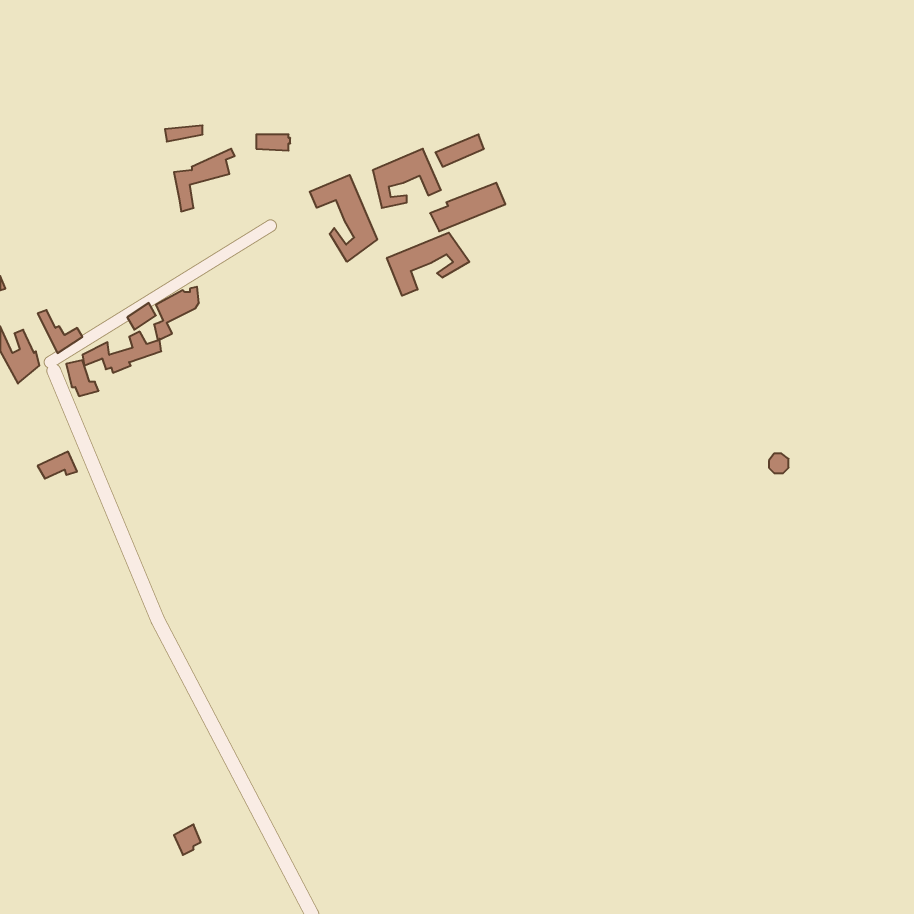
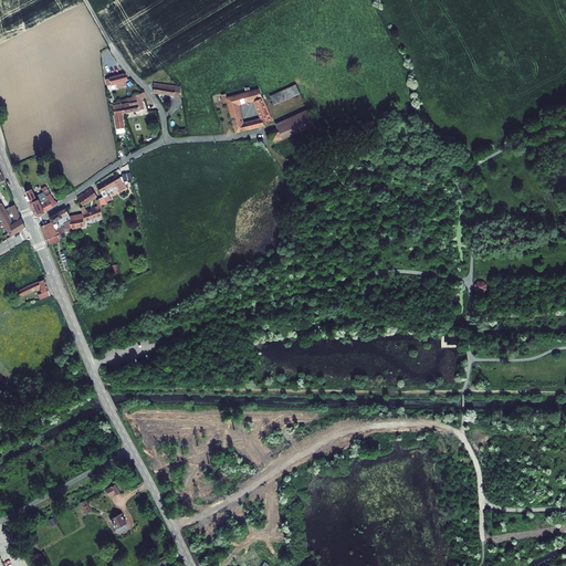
building: [310,175,377,262] -> none
building: [387,233,469,296] -> none

